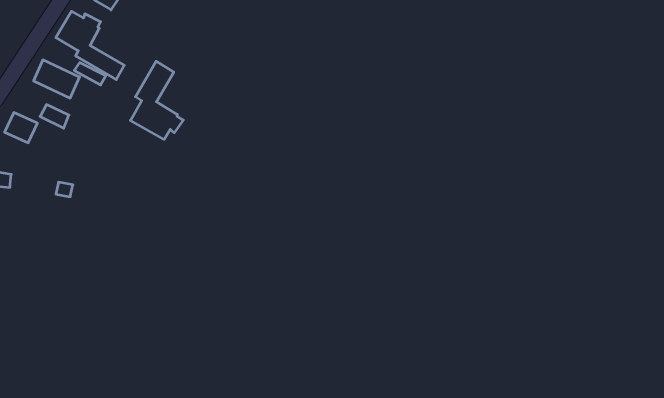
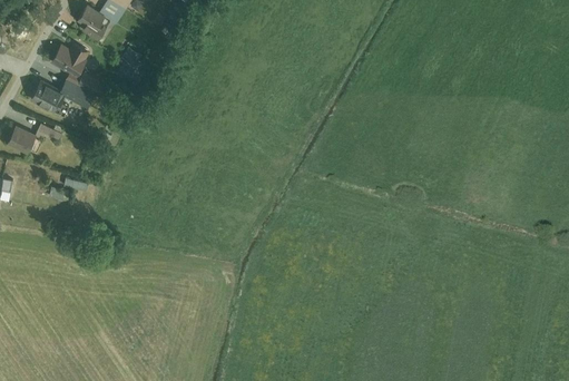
building: [130,61,183,139] -> none

